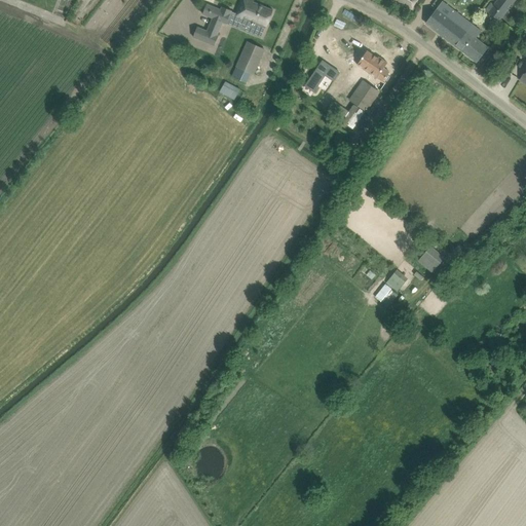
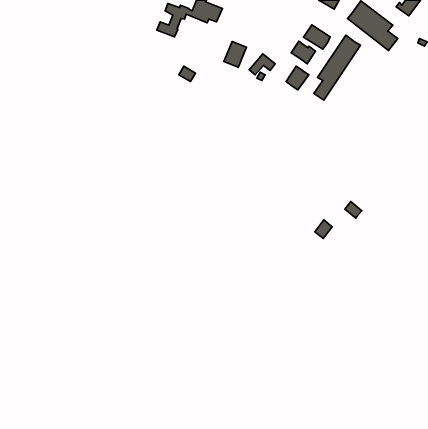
building: none -> [304,25,330,49]
building: [235,42,263,74] -> [224,41,247,67]
building: none -> [314,35,361,100]

